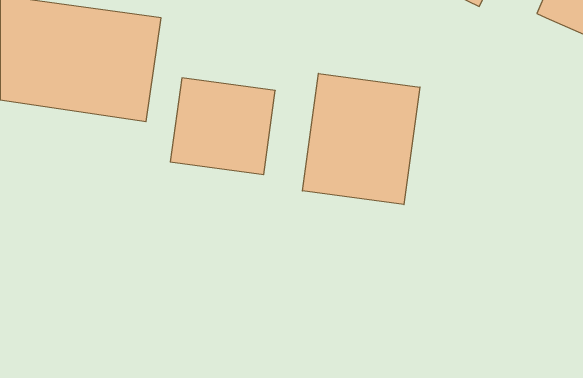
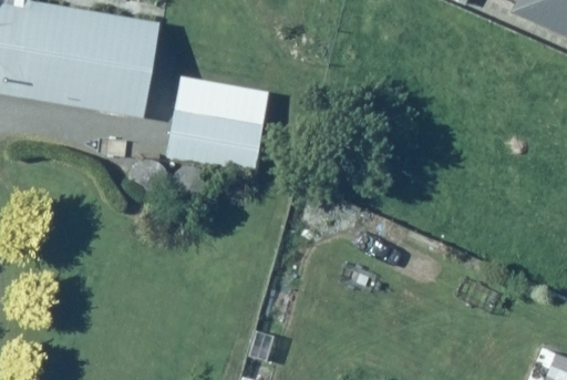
building: [302,73,420,205] -> none

